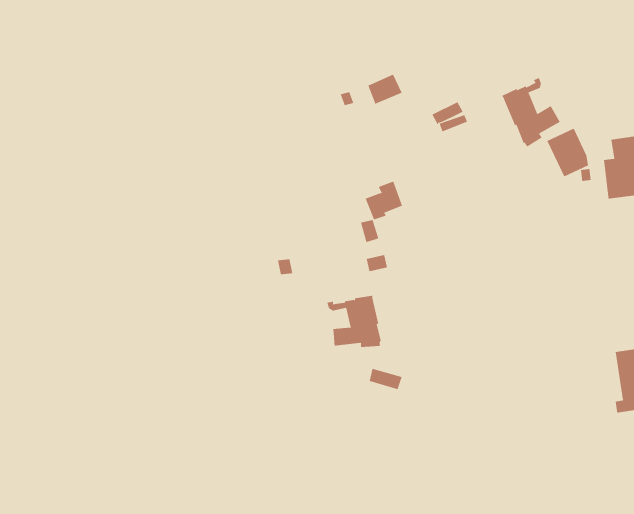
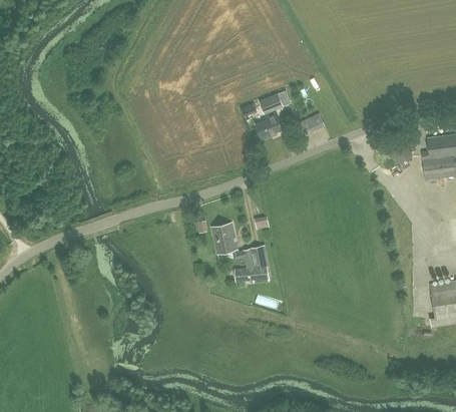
building: [501,77,560,148] -> none
building: [365,181,403,220] -> [256,112,282,139]
building: none -> [211,223,237,254]

